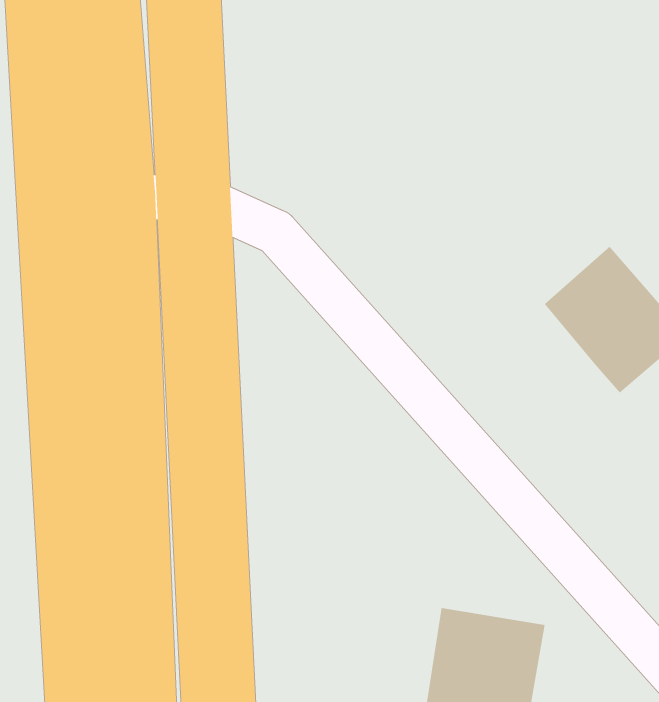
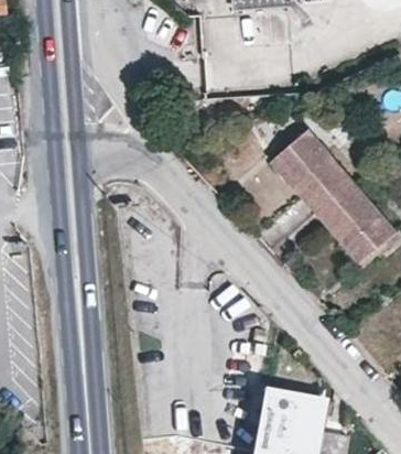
building: none -> [271,129,355,214]

